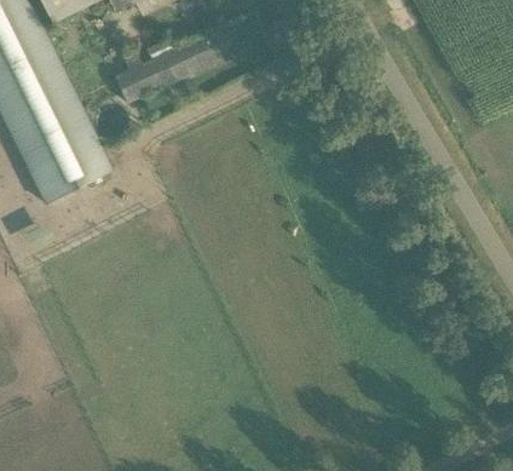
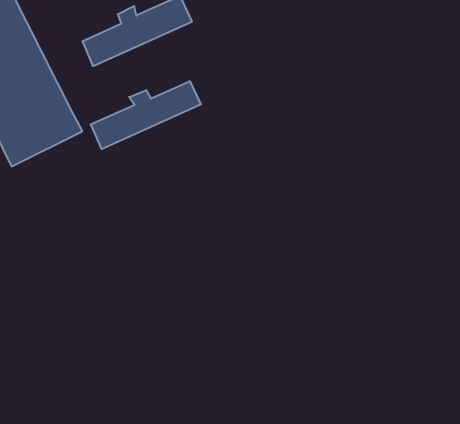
building: none -> [91,81,201,149]

